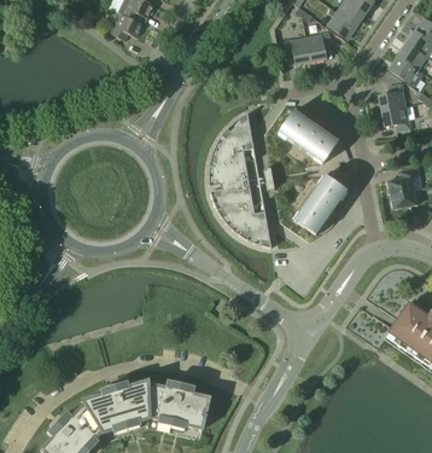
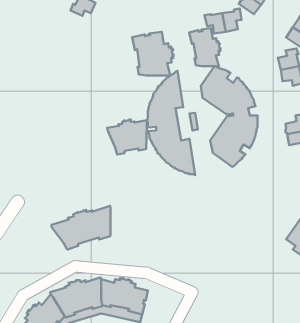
building: none -> [189,28,220,66]
building: none -> [132,32,174,76]
building: none -> [107,120,147,154]
building: none -> [51,206,111,249]

